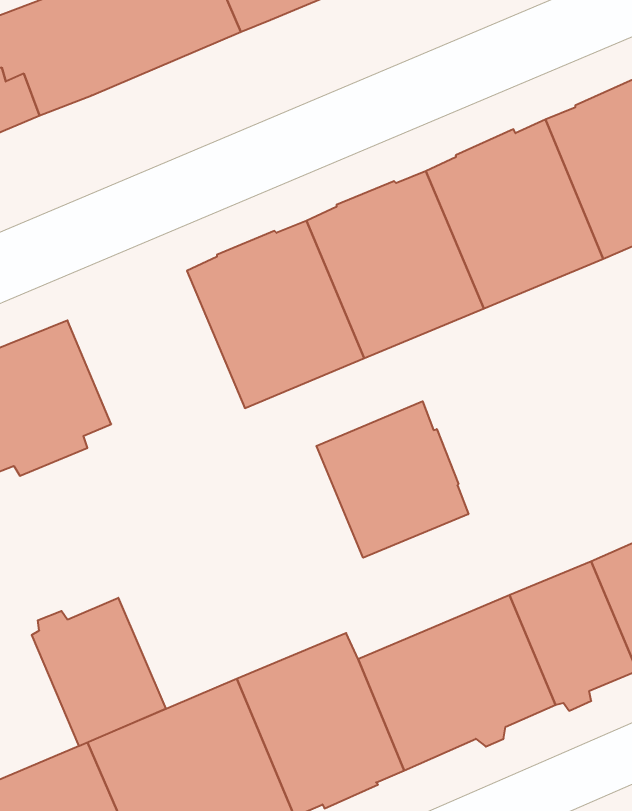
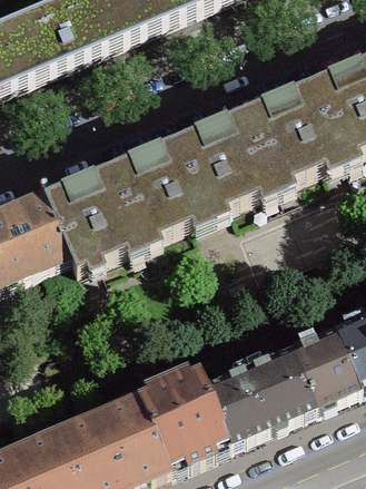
building: none -> [44,162,144,266]
building: [316,401,468,558] -> none
building: [32,598,166,746] -> none

